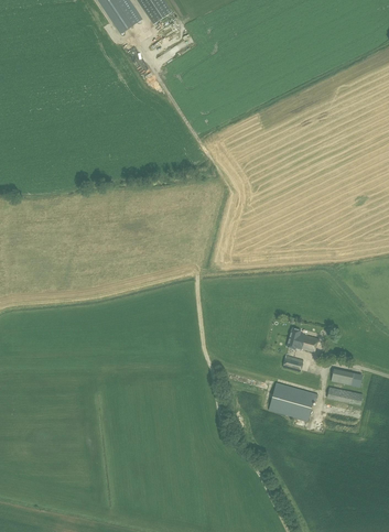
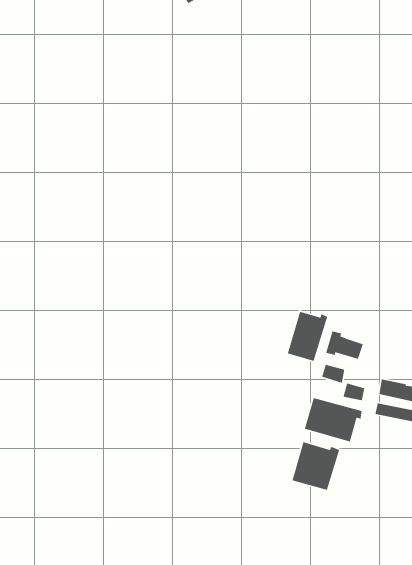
building: none -> [287,311,328,362]
building: none -> [291,441,340,491]

